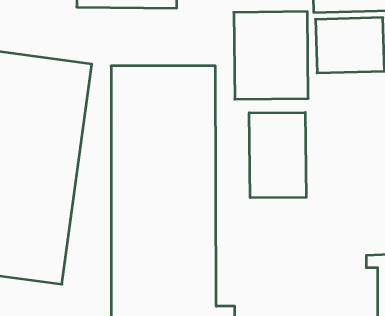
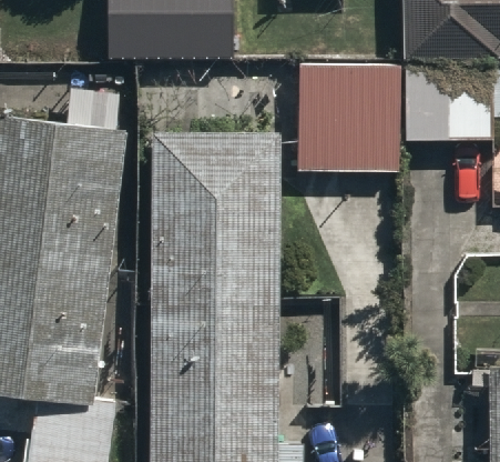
building: [249,112,306,198] -> none

